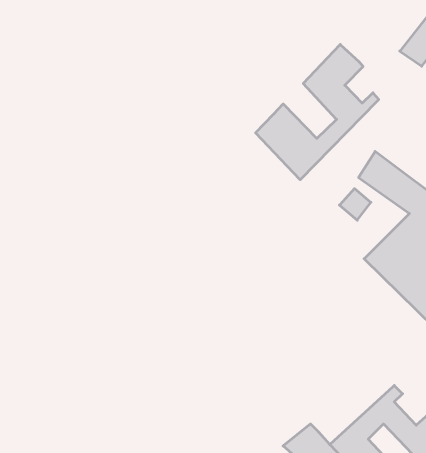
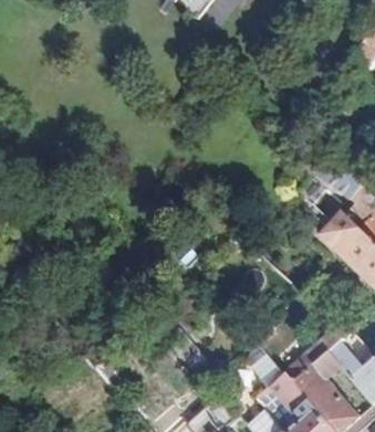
building: [256,44,379,180] -> none

